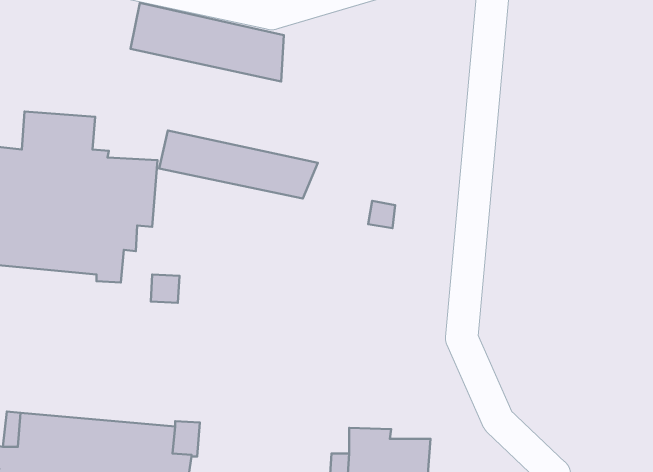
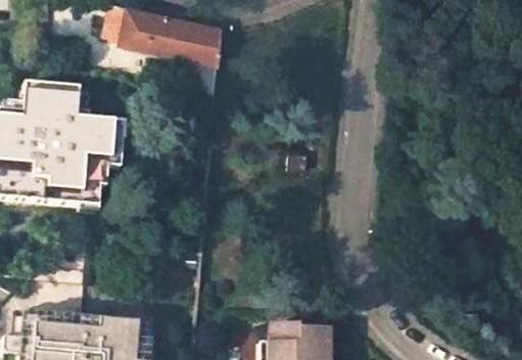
building: [159,130,318,198] -> none

